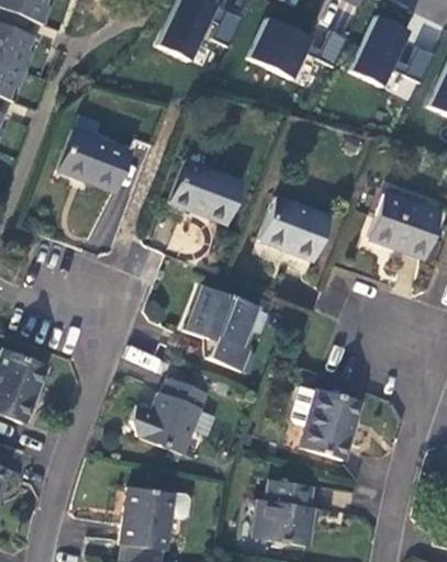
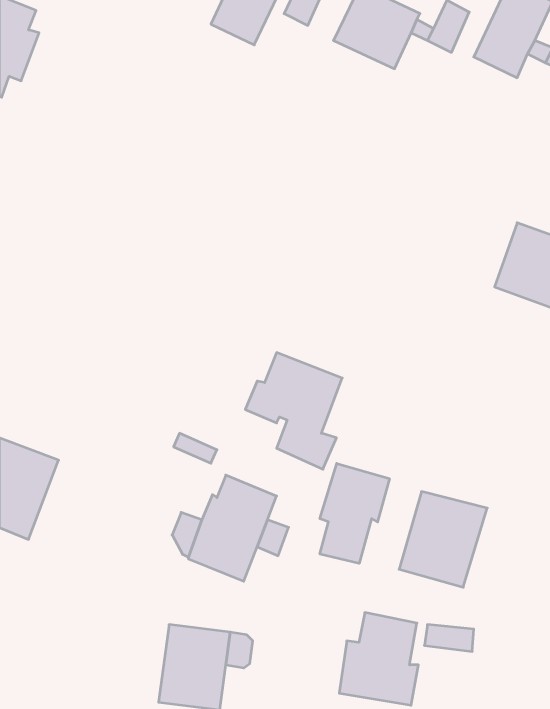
building: [58,128,132,192] -> none
building: [169,160,243,224] -> none
building: [260,194,331,260] -> none
building: none -> [320,463,389,563]

